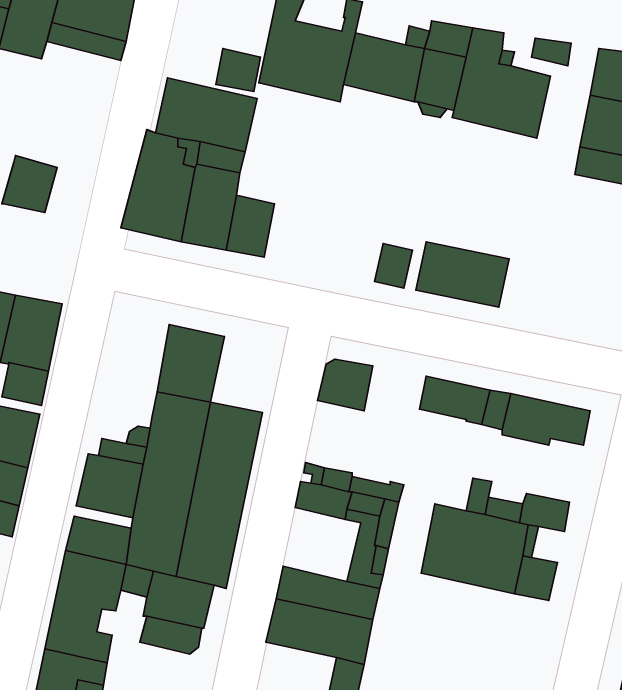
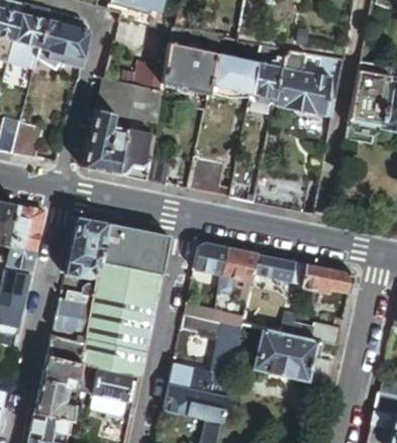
building: none -> [185,155,223,196]
building: none -> [65,217,107,278]
building: none -> [131,230,170,274]
building: none -> [217,247,258,302]

